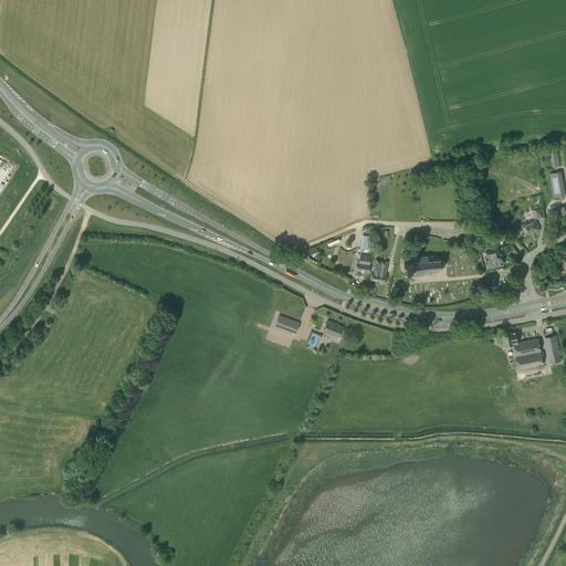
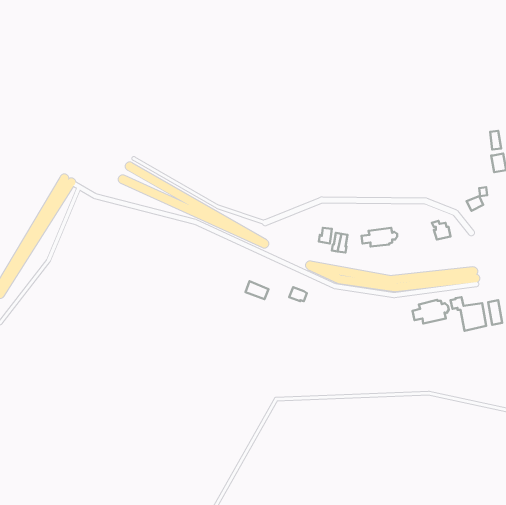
building: none -> [412,300,449,324]

